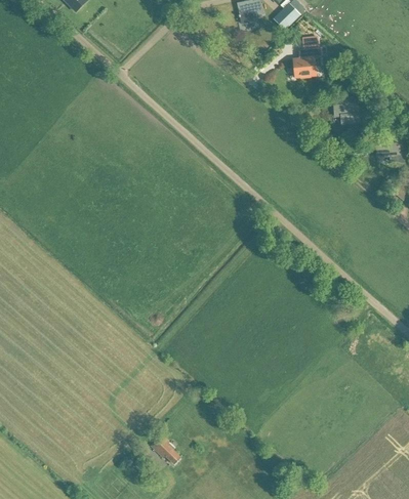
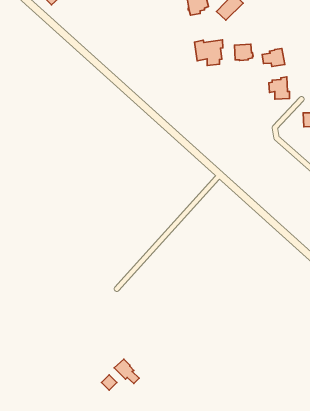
building: none -> [195,40,223,66]
building: none -> [262,48,285,66]

